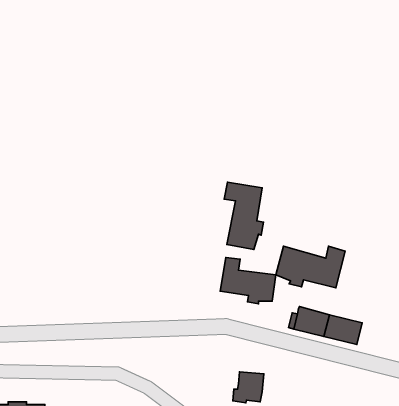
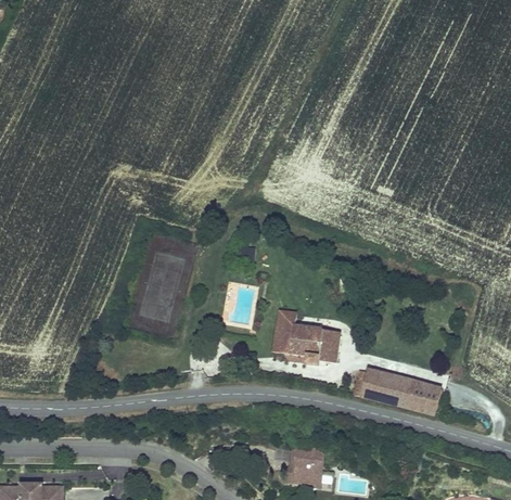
building: [224,182,263,249] -> none
building: [276,246,345,288] -> none

